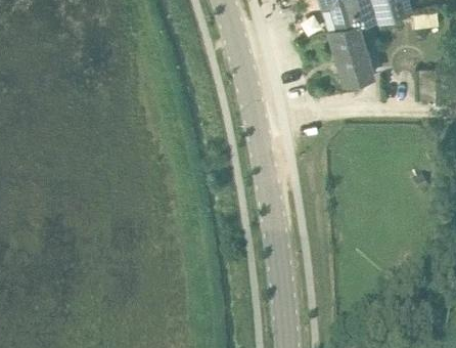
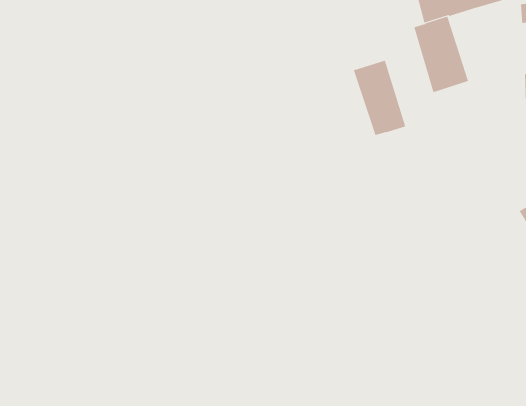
building: none -> [353,60,406,136]

